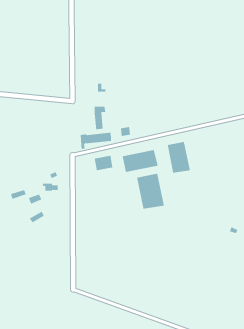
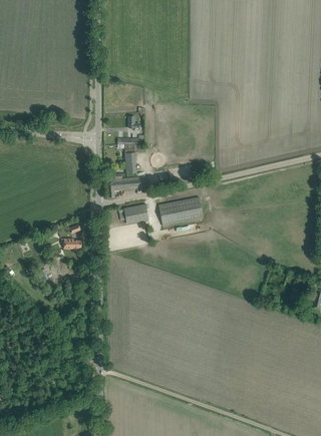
building: [167,141,190,174] -> none
building: [137,173,164,210] -> none

